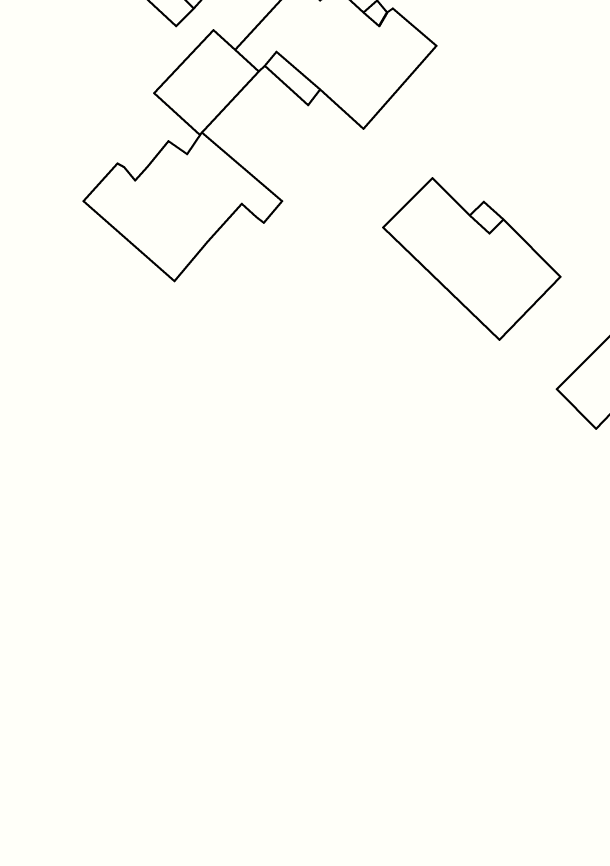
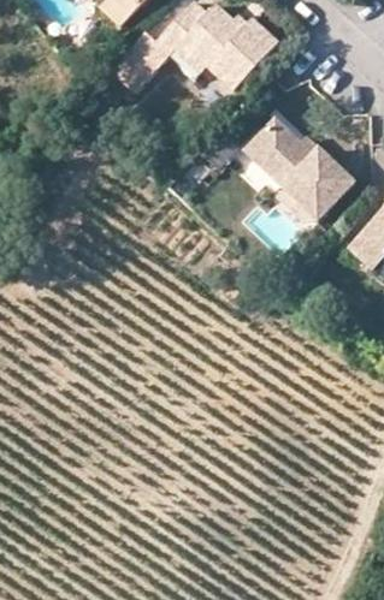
building: [83,133,282,281] -> none

